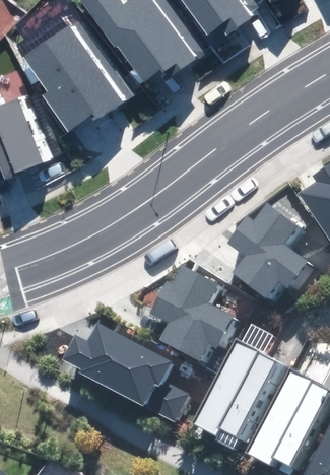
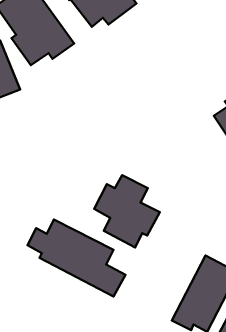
building: [230,206,305,296] -> none
building: [191,339,277,439] -> none

